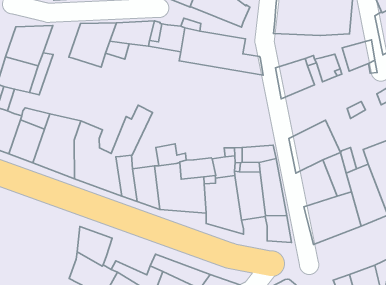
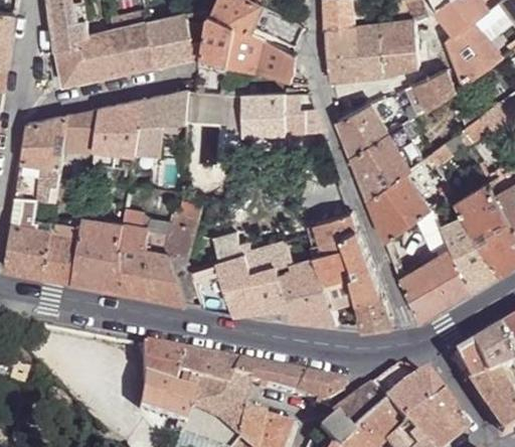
building: none -> [61,109,100,154]
building: none -> [351,134,412,202]
building: none -> [177,355,234,392]

